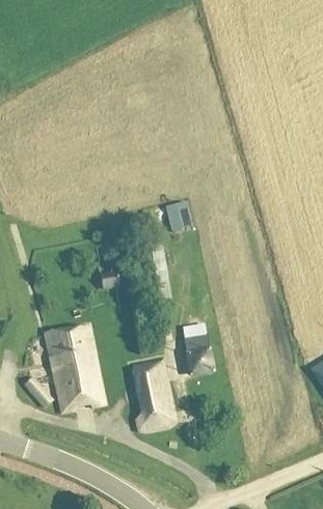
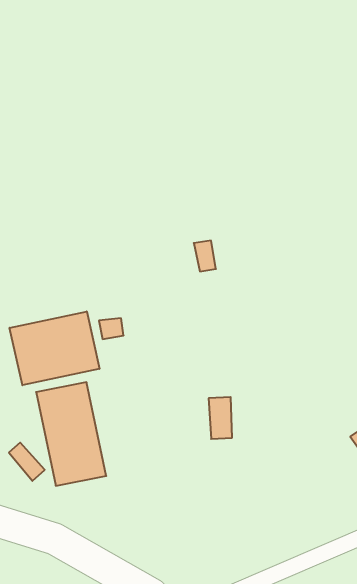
building: none -> [10,311,99,385]
building: [132,359,176,431] -> none

